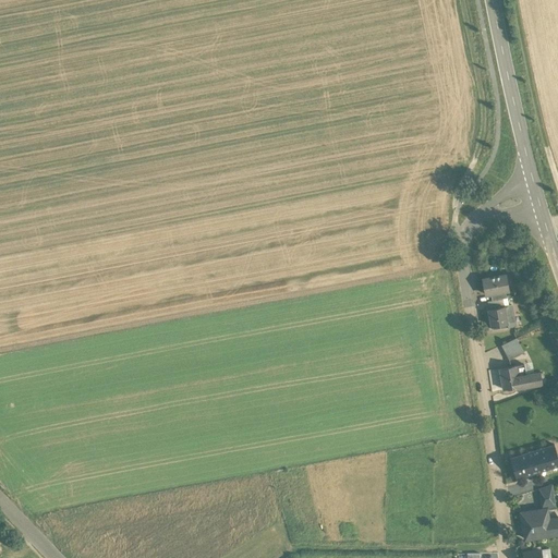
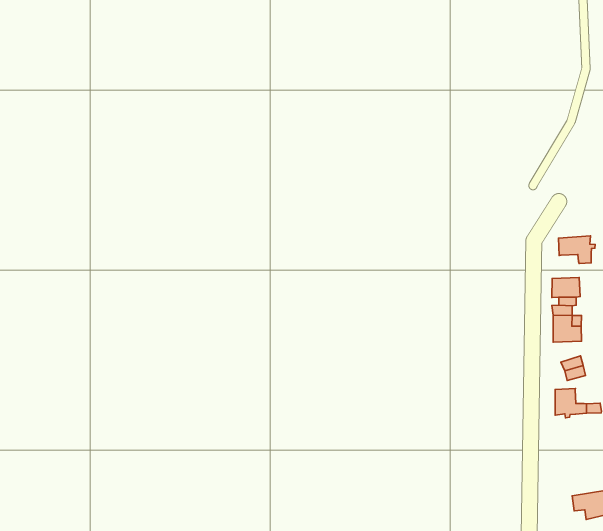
building: none -> [558,236,595,264]
building: [510,452,541,477] -> none

